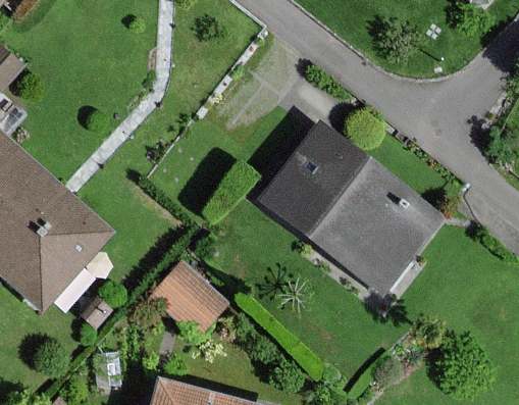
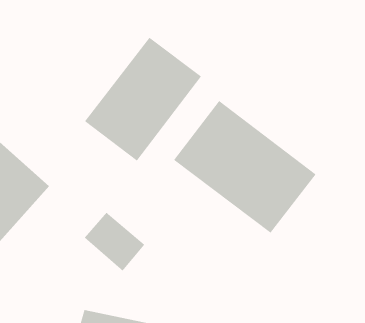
building: none -> [84,37,202,162]

